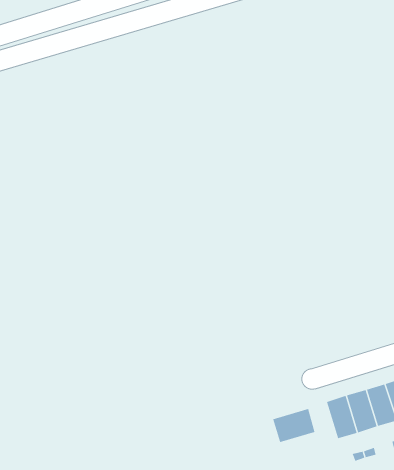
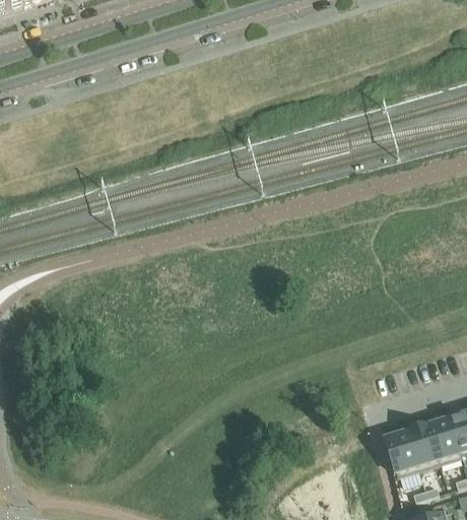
building: [272,408,315,443] -> none

